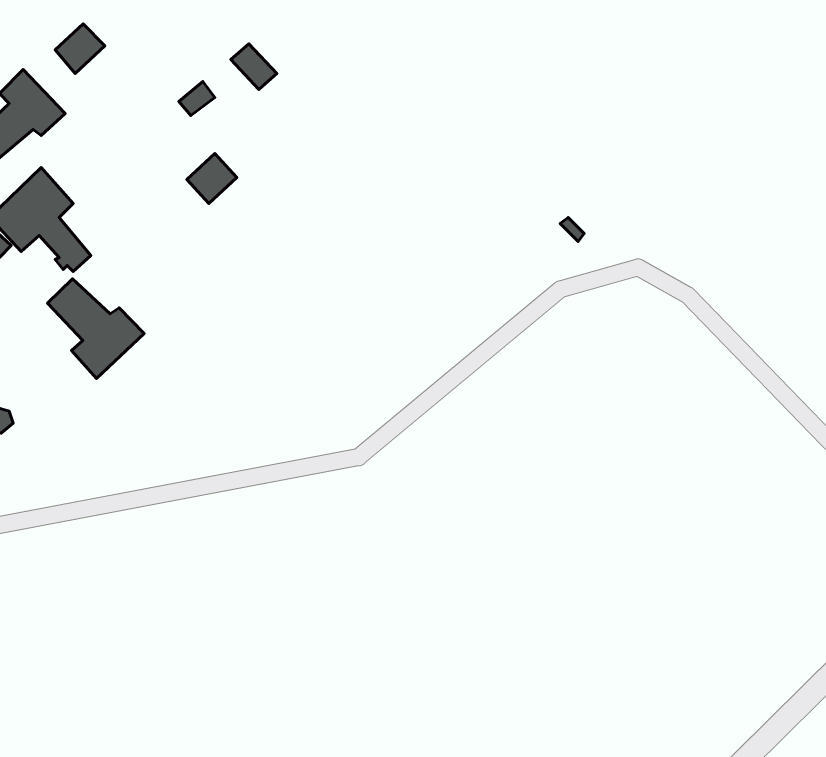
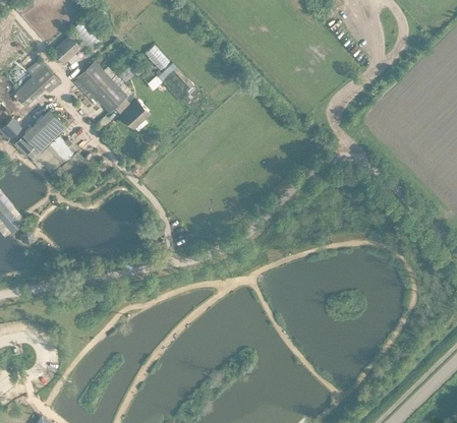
building: none -> [75,61,126,114]
building: [47,279,144,378] -> none

